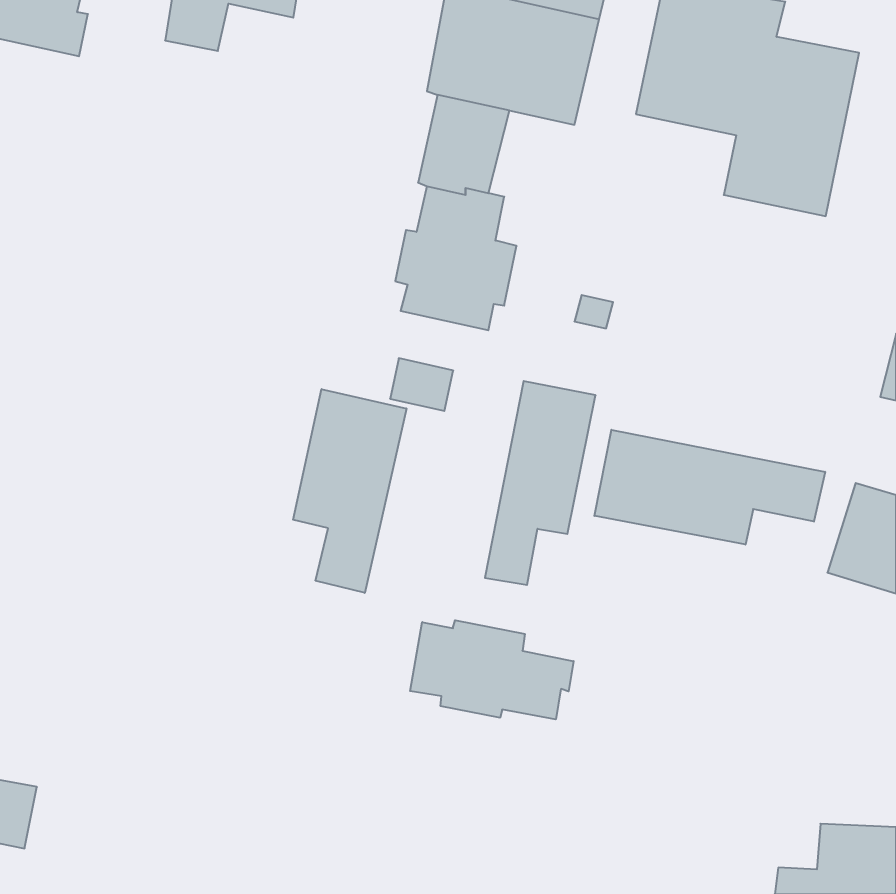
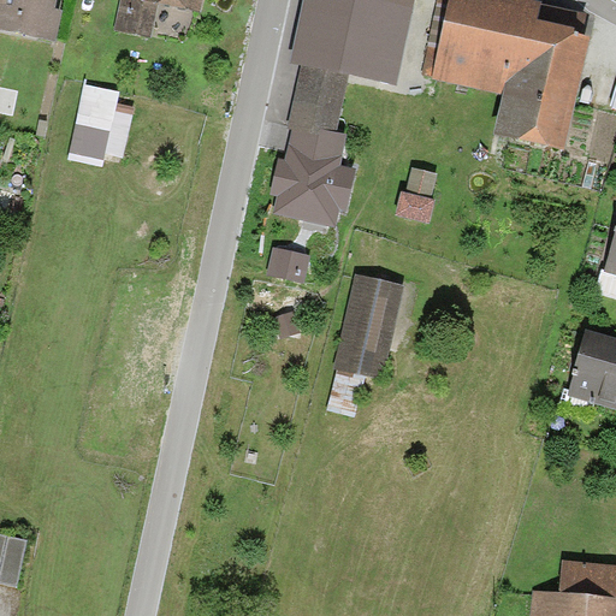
building: none -> [69,82,130,159]
building: [293,389,406,593] -> none
building: [594,430,825,545] -> none
building: [410,620,574,719] -> none

